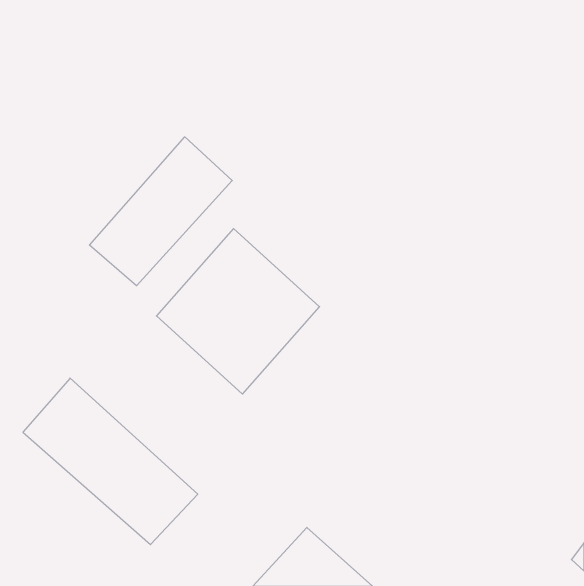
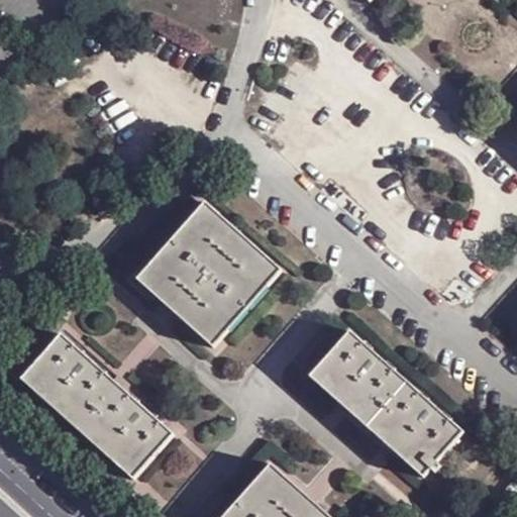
building: [89,137,232,286] -> none
building: none -> [310,330,461,477]

